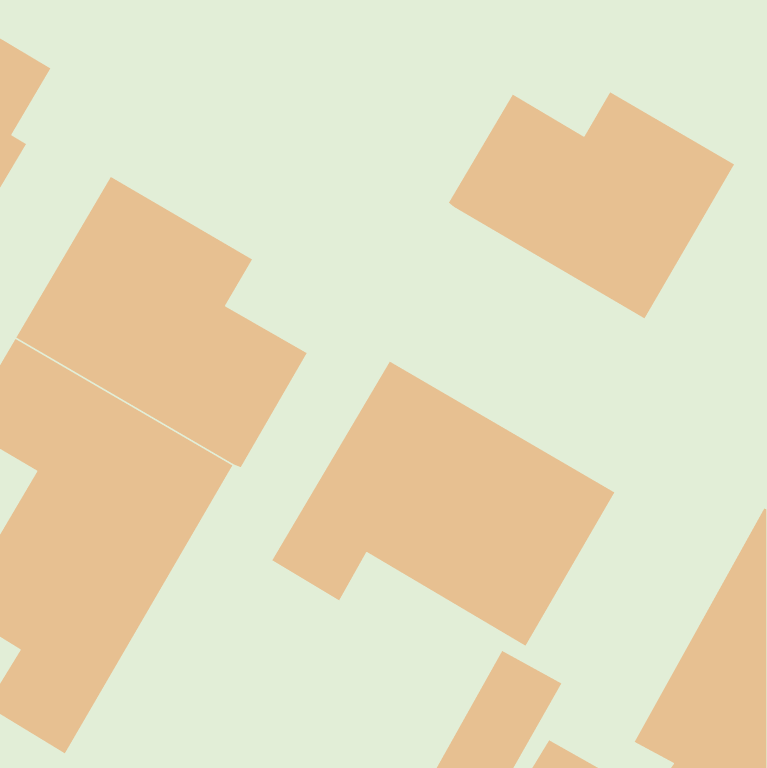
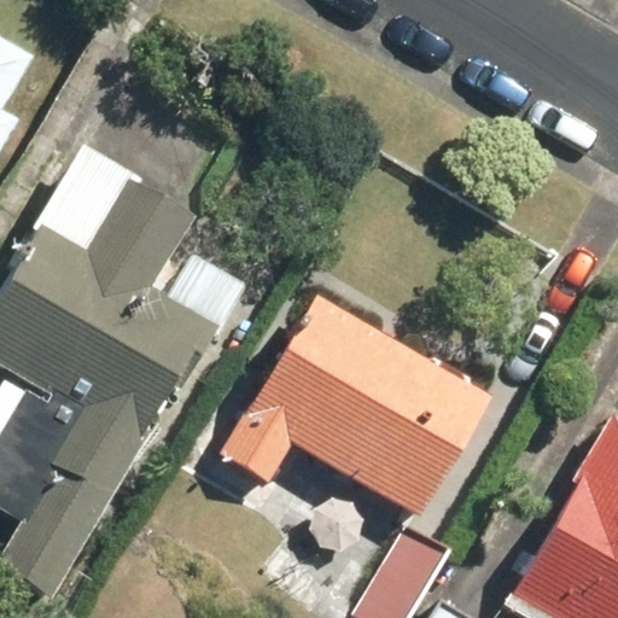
building: [448,91,735,319] -> none

